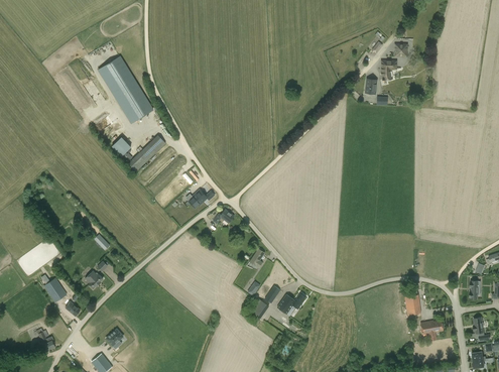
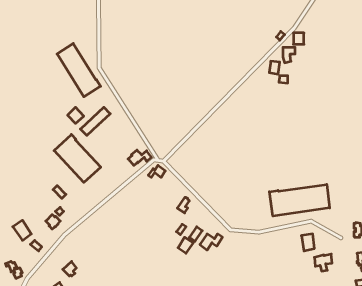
building: none -> [54,134,101,182]
building: none -> [269,184,330,216]

